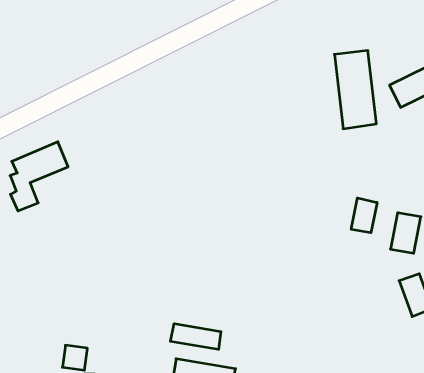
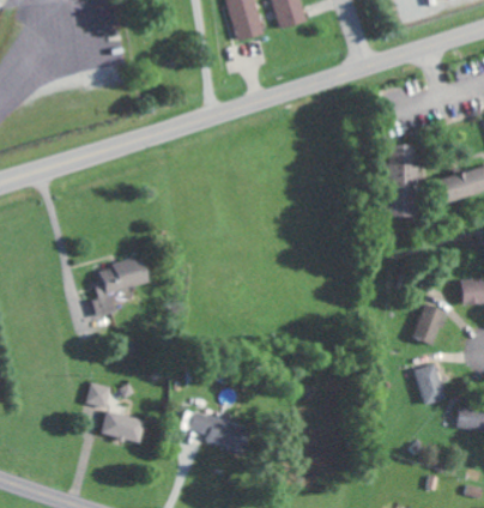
building: [10,142,68,211] -> [90,256,149,316]
building: [351,198,377,233] -> none
building: [170,324,221,349] -> none

